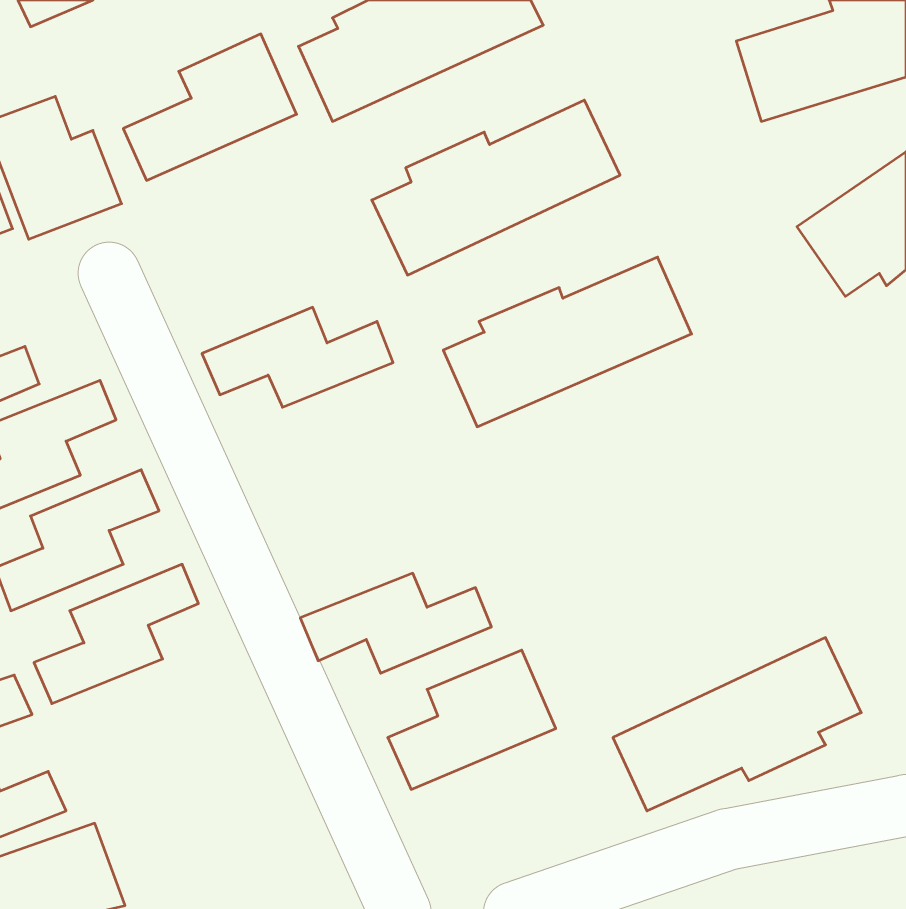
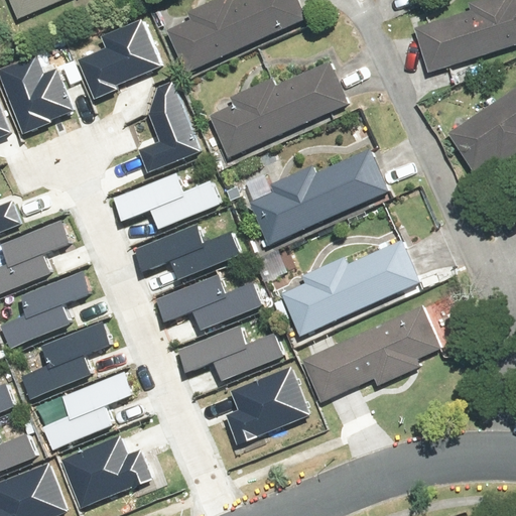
building: none -> [139,80,199,169]
building: none -> [127,229,235,285]
building: none -> [284,238,422,335]
building: none -> [148,276,256,333]
building: [613,638,861,811] -> [302,303,442,401]
building: none -> [40,377,133,456]
building: none -> [64,441,149,505]

